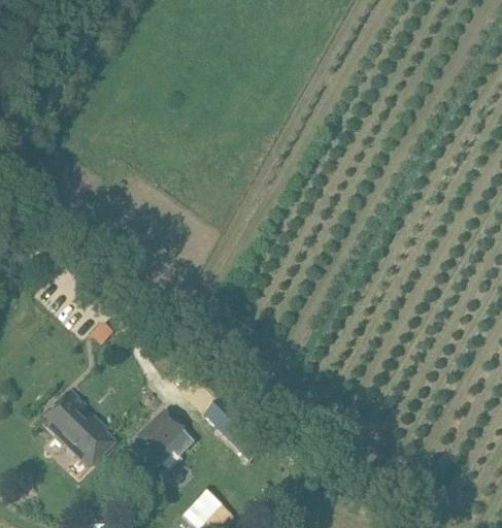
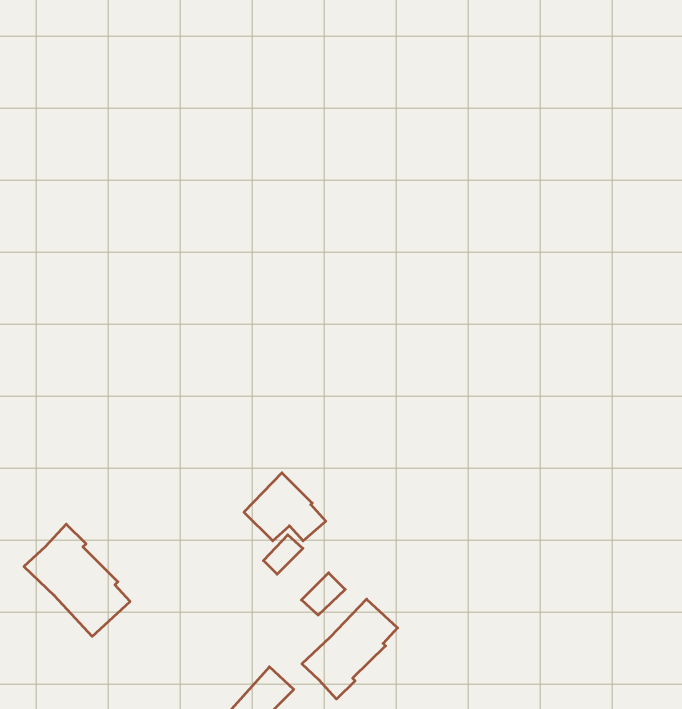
building: [138,409,194,456] -> [244,473,326,541]
building: none -> [302,599,398,699]

